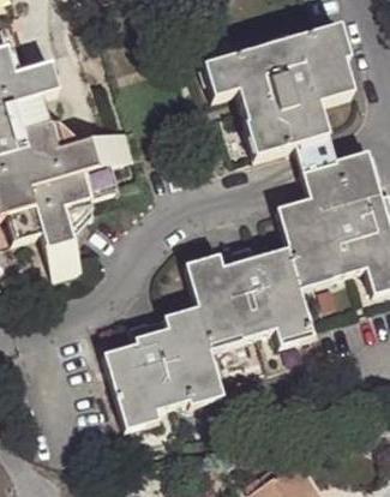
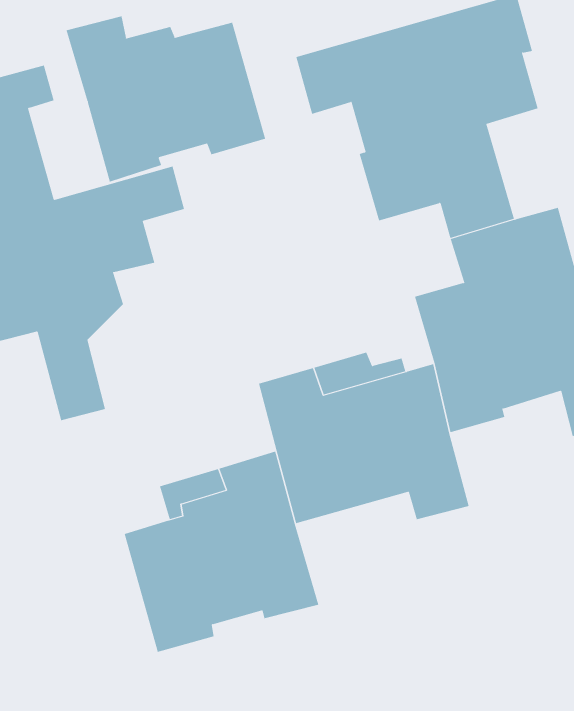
building: none -> [66,15,266,182]

